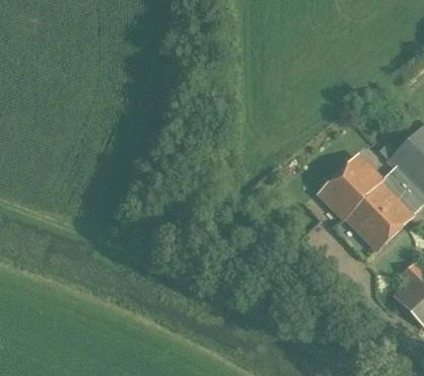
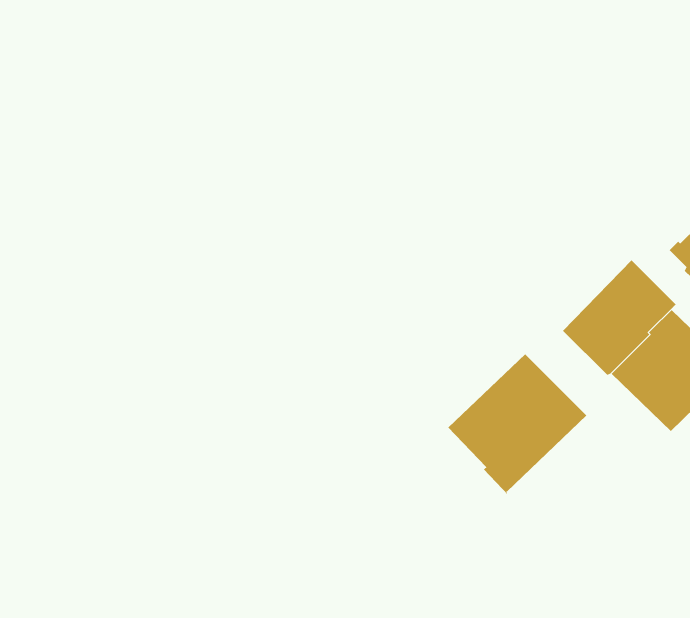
building: none -> [447,353,587,496]

